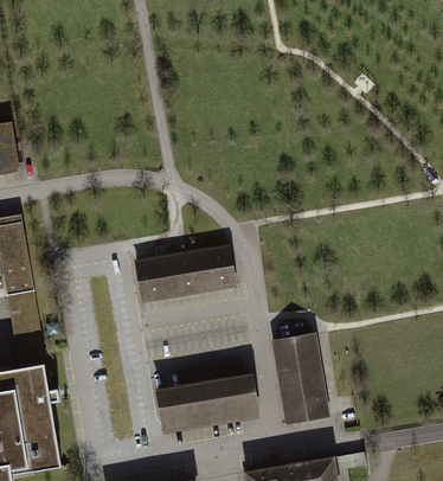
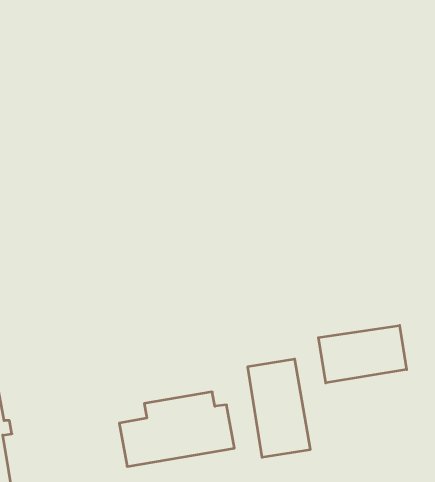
building: [136,248,233,301] -> none
building: none -> [318,325,407,383]

